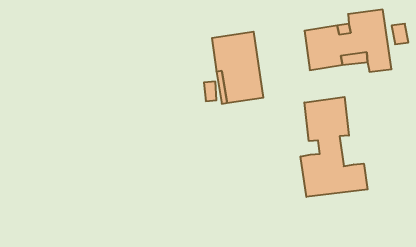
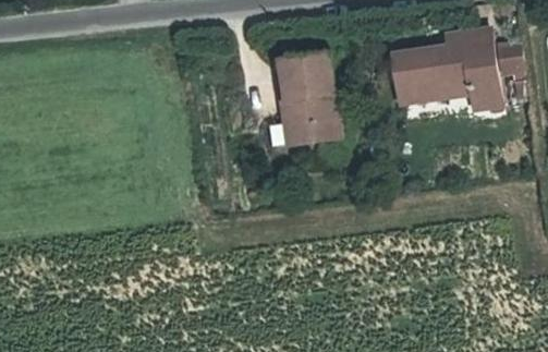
building: [301,97,368,197] -> none

